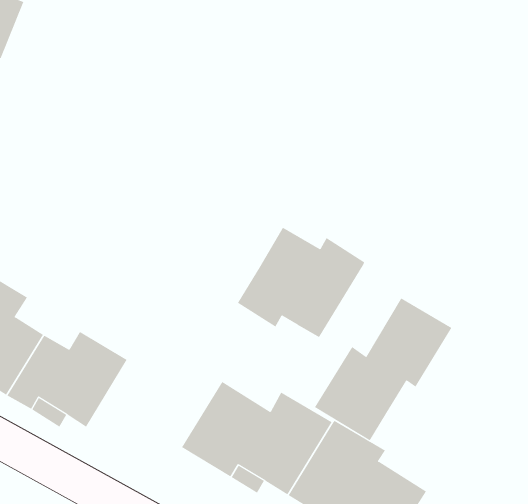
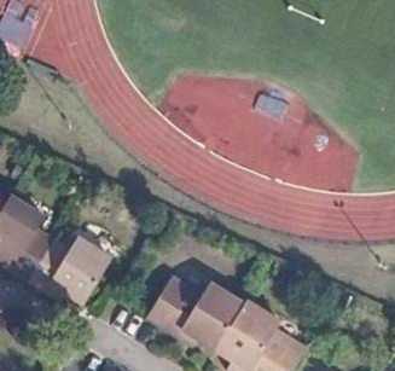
building: [237,227,365,338] -> none
building: [314,298,452,441] -> none

